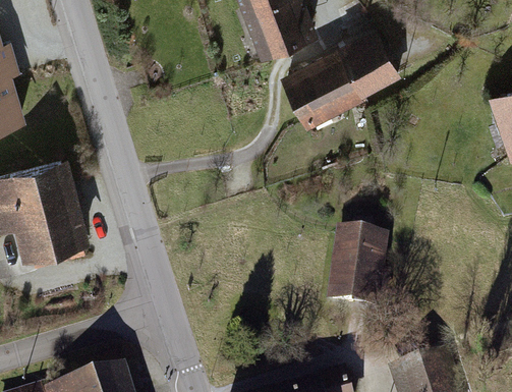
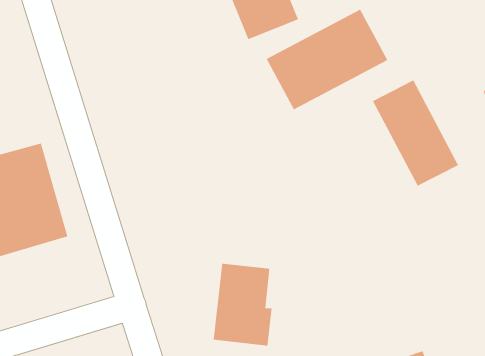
building: none -> [372,80,459,187]
building: [329,232,386,312] -> [213,263,272,346]

